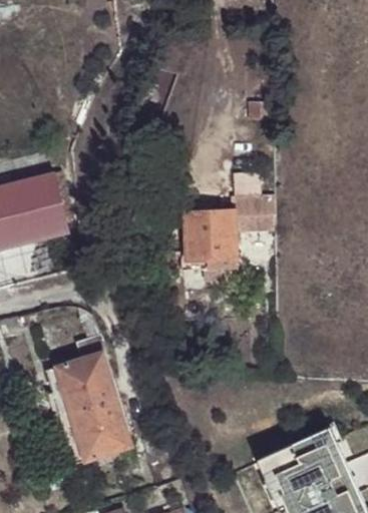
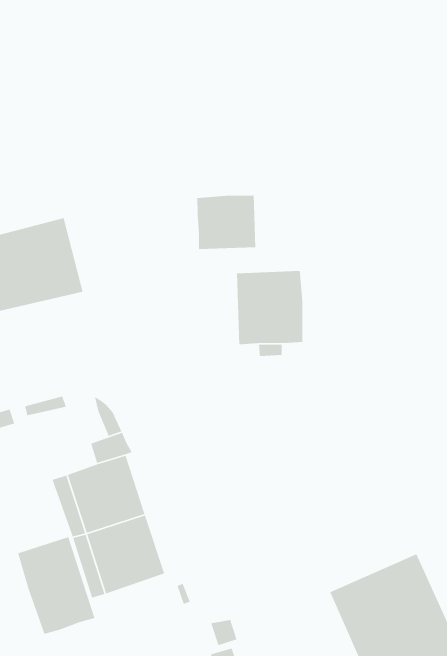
building: none -> [197,195,256,250]
building: [238,199,275,235] -> none
building: none -> [17,536,96,635]

